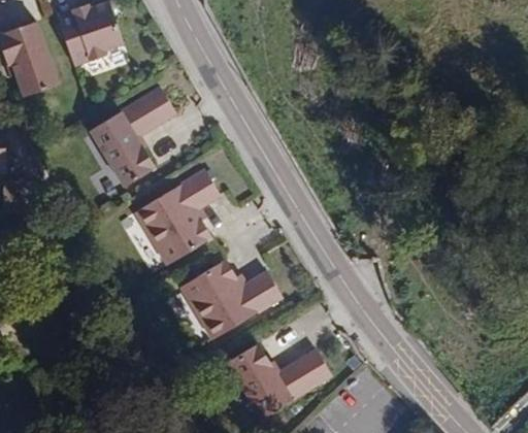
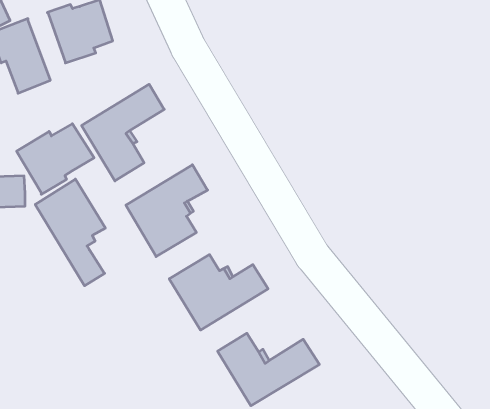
building: none -> [17,124,94,194]
building: none -> [35,179,105,286]

